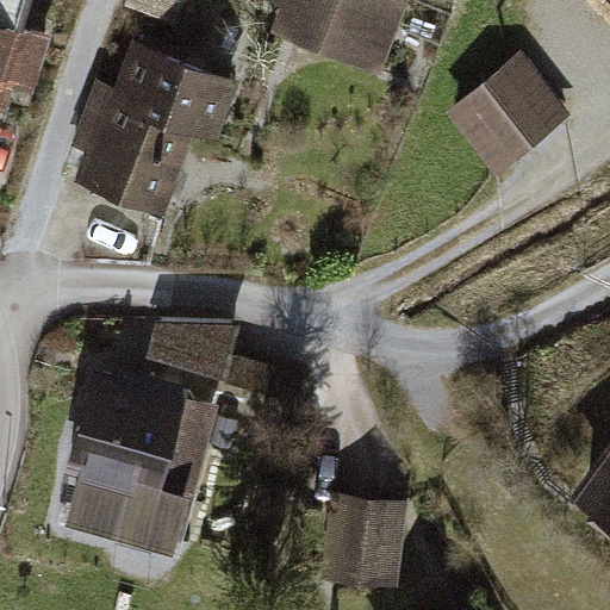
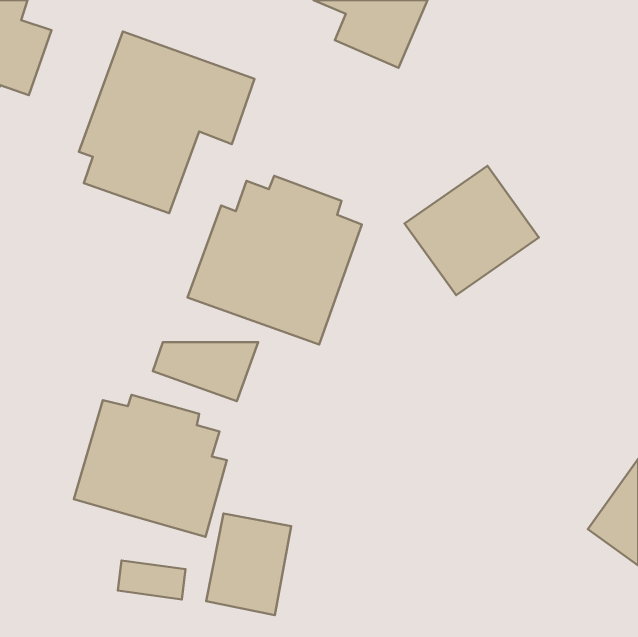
building: [444,55,572,178] -> [405,166,539,295]
building: none -> [188,176,362,345]
building: [322,500,403,597] -> [206,514,291,615]

